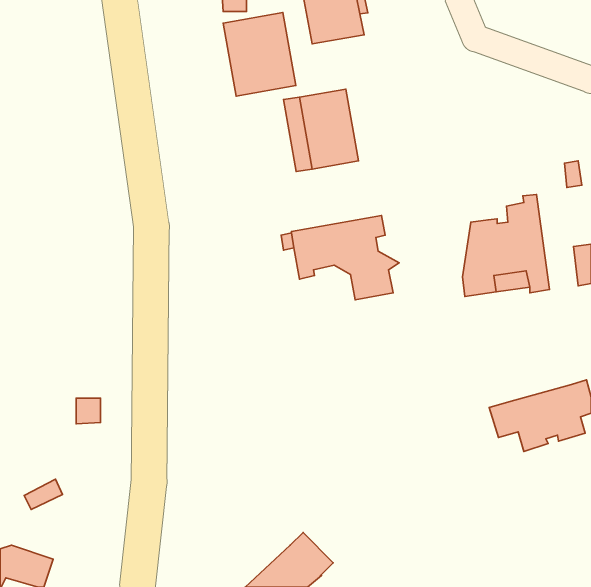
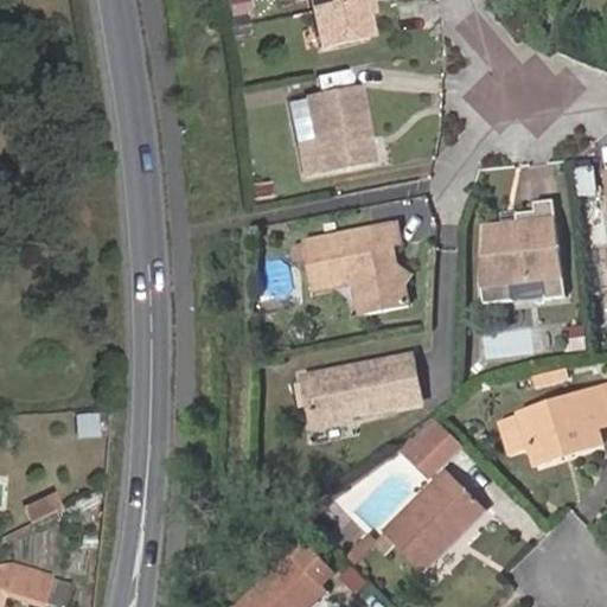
building: [223,13,296,96] -> none
building: none -> [298,360,415,424]
building: none -> [398,415,465,475]
building: none -> [383,471,488,569]

